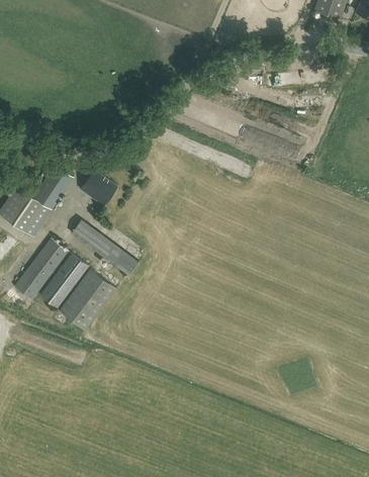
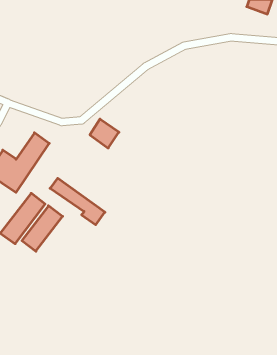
building: [80,171,115,206] -> [90,119,119,148]
building: [61,269,114,328] -> none

